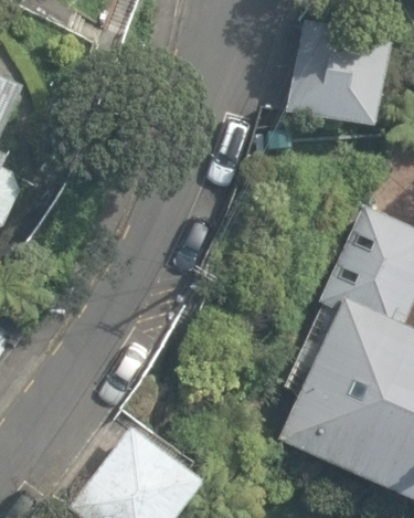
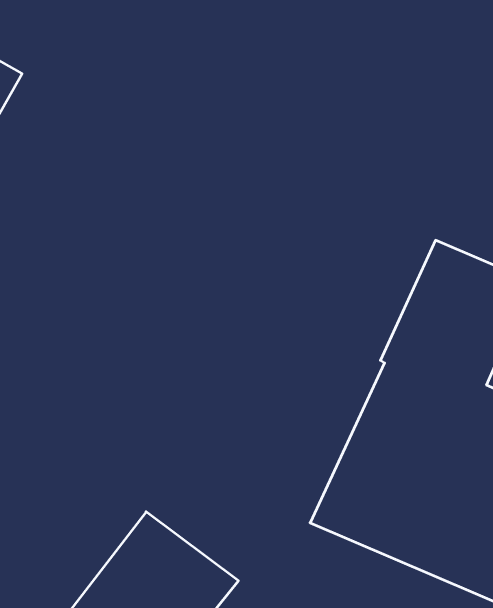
building: [285,20,393,131] -> none

